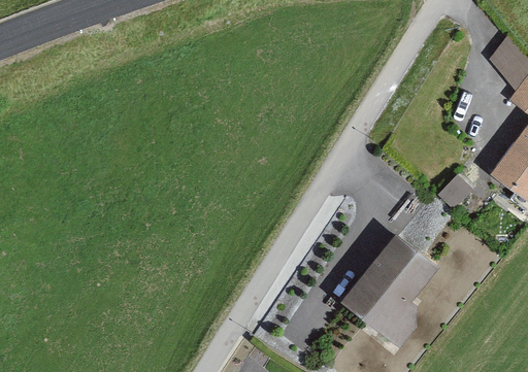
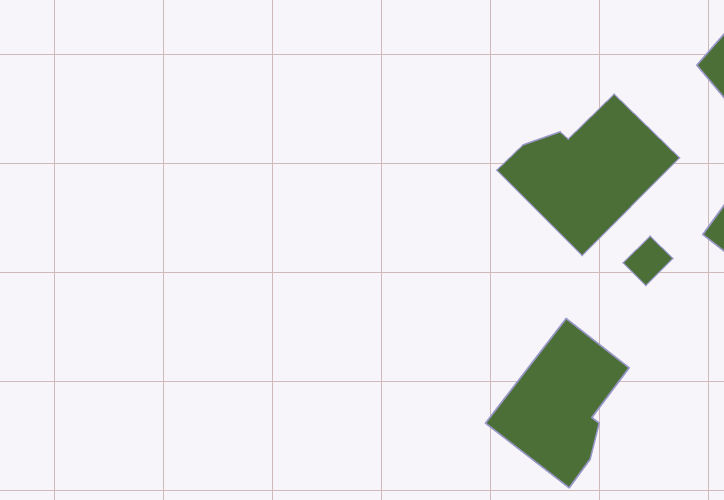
building: none -> [497,94,679,256]

